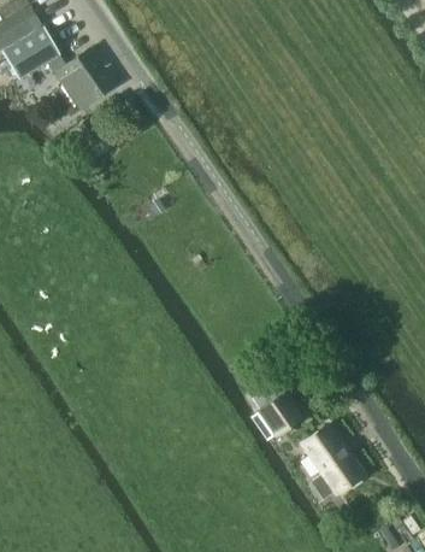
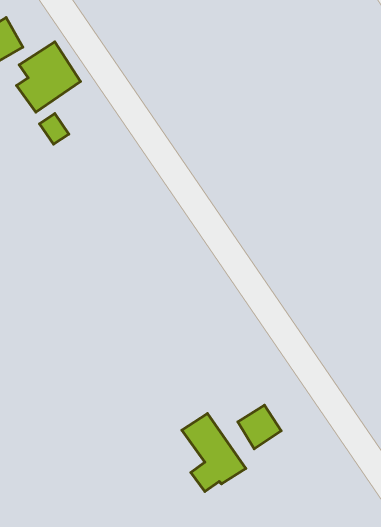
building: [303,425,364,499] -> [182,414,246,492]

